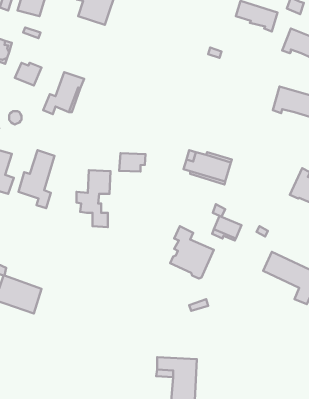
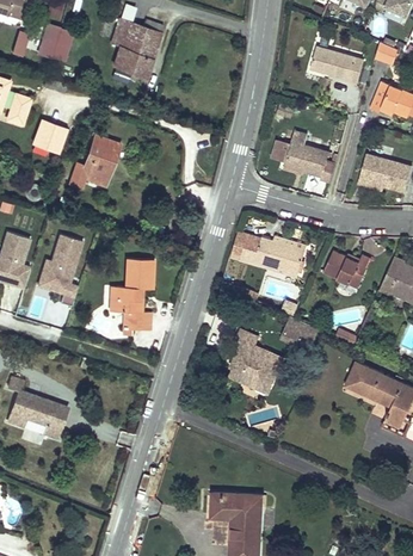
building: none -> [284,132,335,183]
building: [119,153,145,172] -> none
building: none -> [323,251,371,289]

